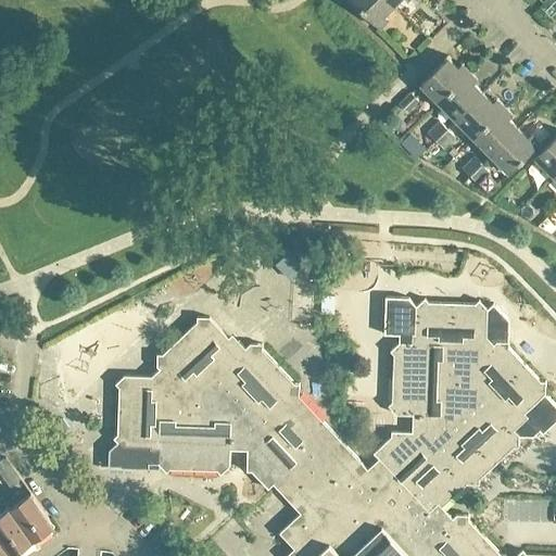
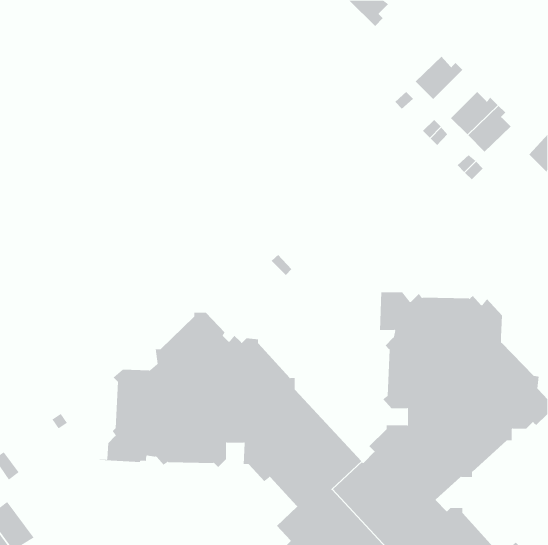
building: [438,74,482,123] -> none
building: [490,131,539,176] -> none
building: [8,495,53,547] -> none

